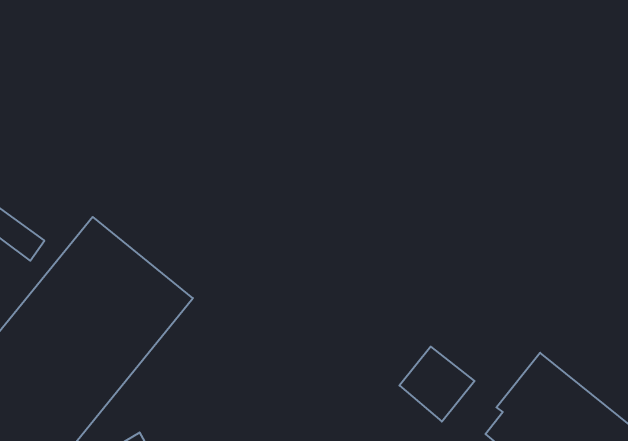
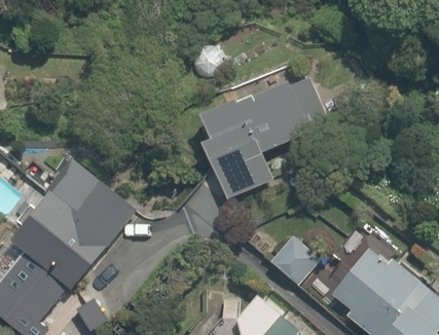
building: none -> [187,68,323,200]

